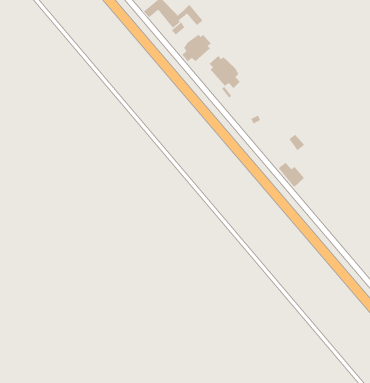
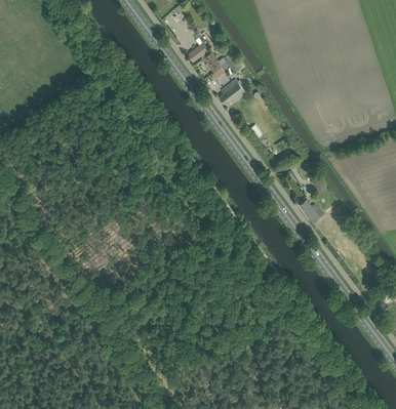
building: [209,55,240,89] -> none

